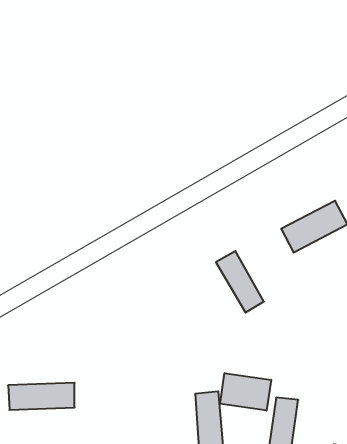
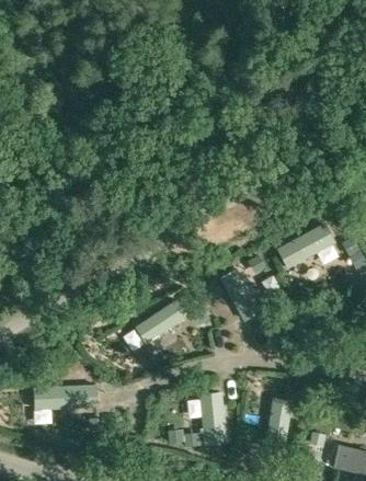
building: none -> [133,298,187,344]
building: [220,373,271,411] -> none

